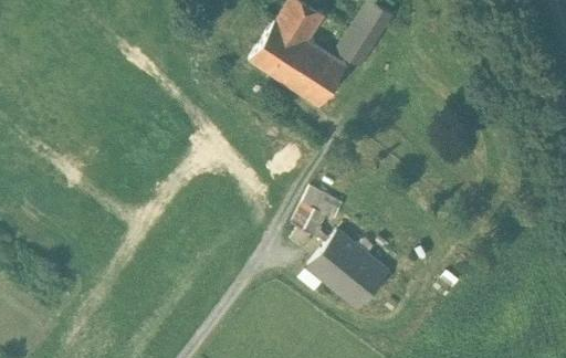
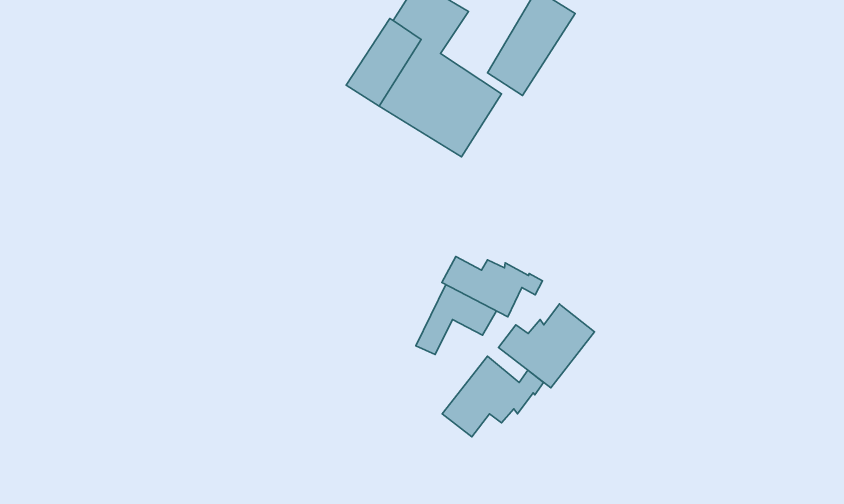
building: none -> [442,256,542,317]
building: [327,254,388,307] -> [498,304,595,388]

